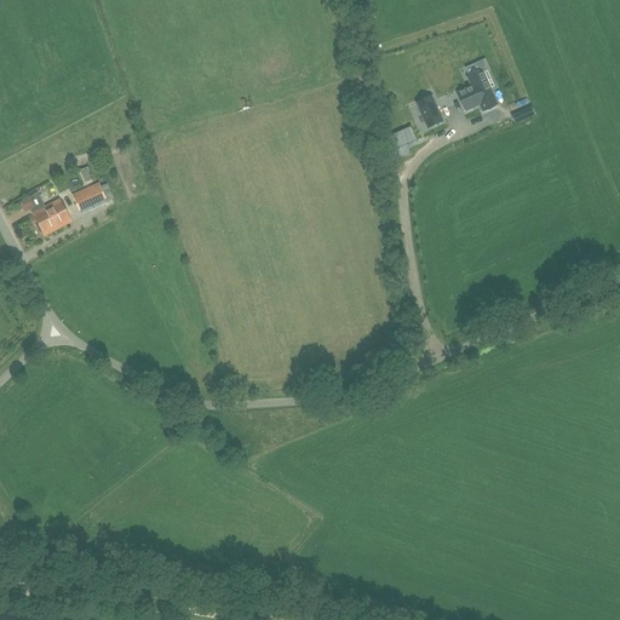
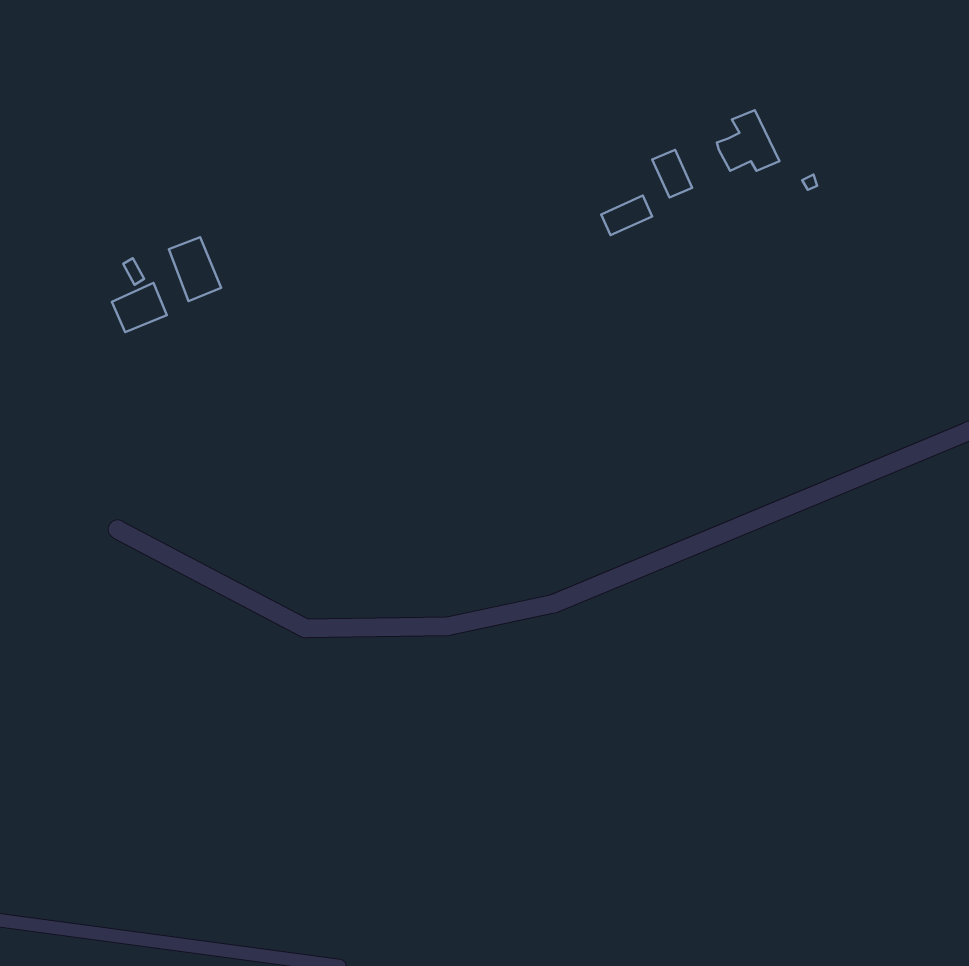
building: none -> [169,237,221,301]
building: [33,199,70,234] -> none

